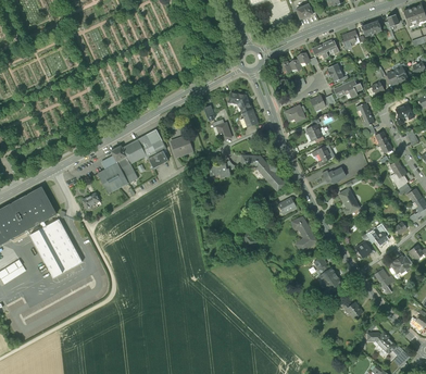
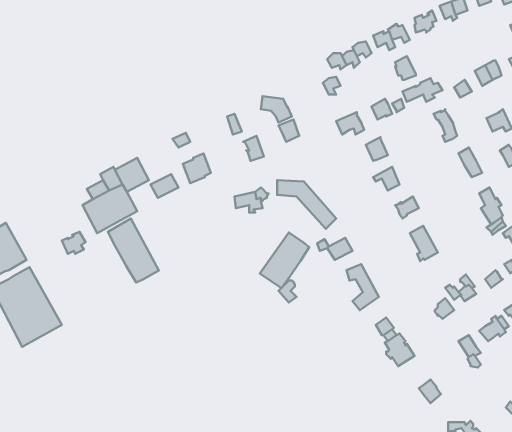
building: [137,128,165,158] -> none
building: none -> [108,219,159,282]
building: none -> [260,232,309,288]

